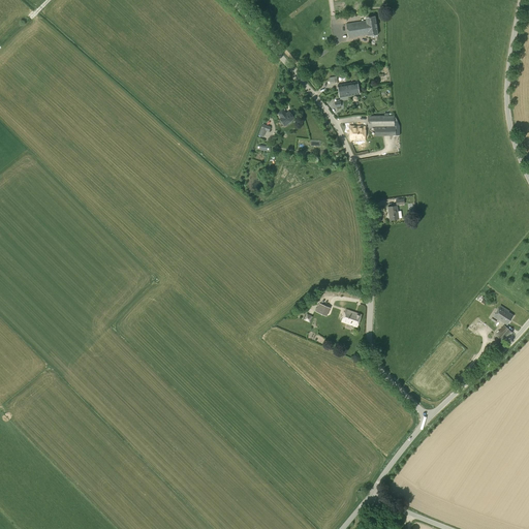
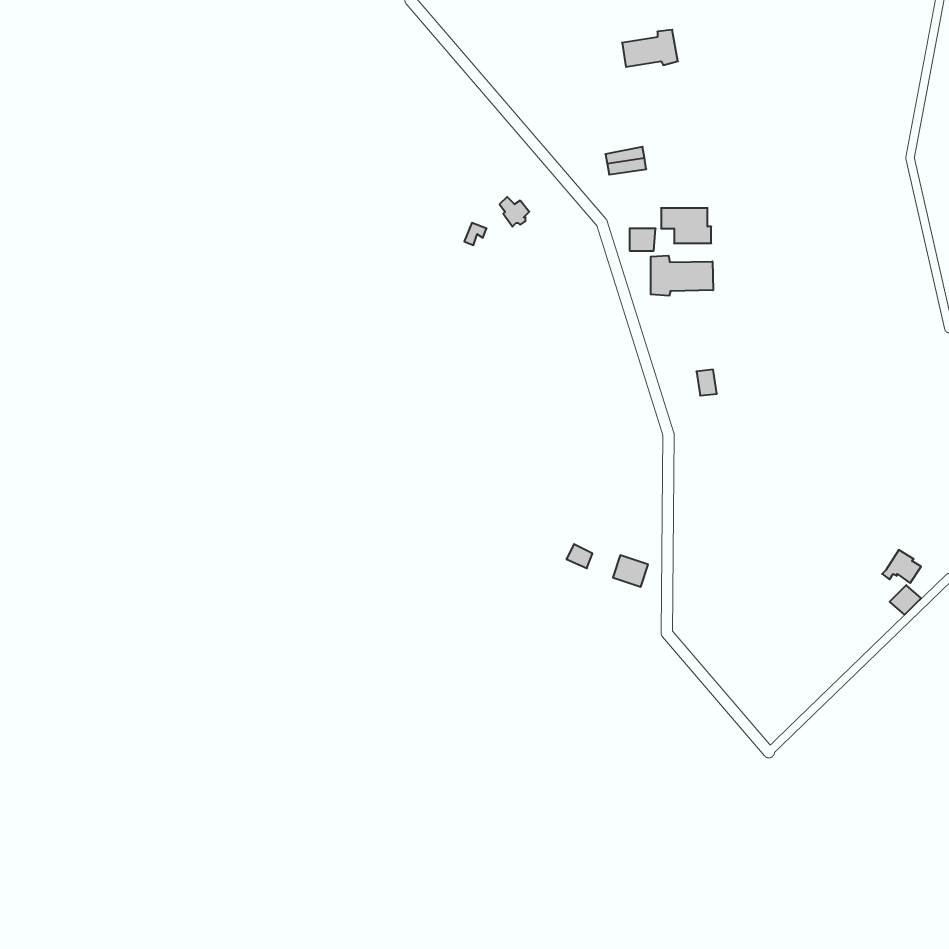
building: none -> [651,256,713,296]

